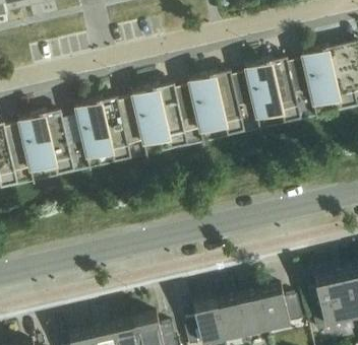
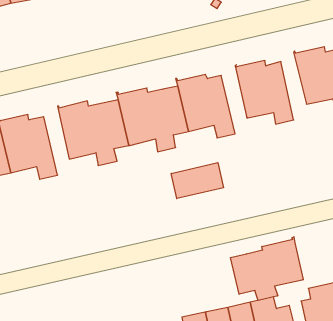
building: none -> [171,163,223,199]
building: none -> [231,237,303,300]

